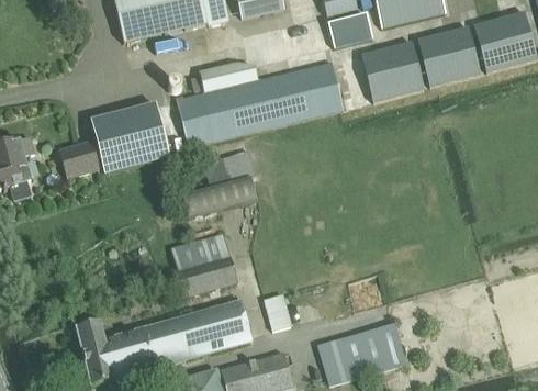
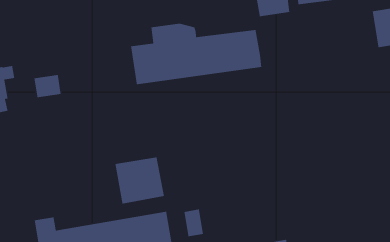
building: [417,25,480,85] -> none
building: [361,41,424,100] -> none
building: [90,101,169,170] -> none
building: [182,150,257,217] -> none

